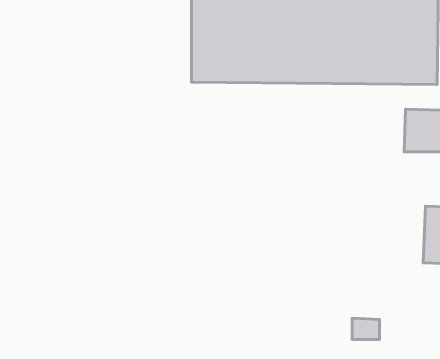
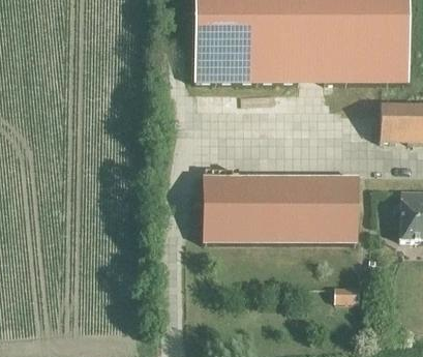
building: none -> [201,175,357,236]

